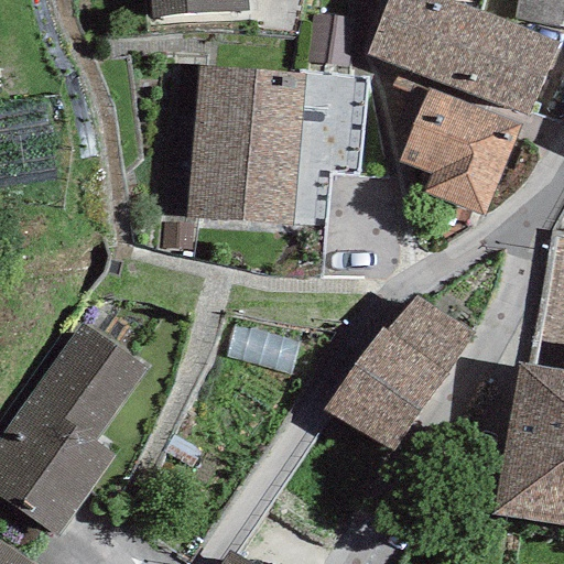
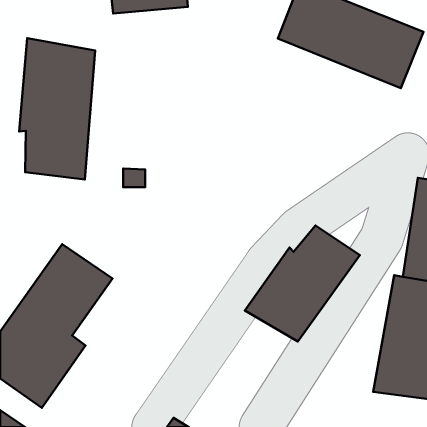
building: none -> [19,38,95,179]
building: [186,64,305,224] -> none
building: [399,85,523,216] -> none

